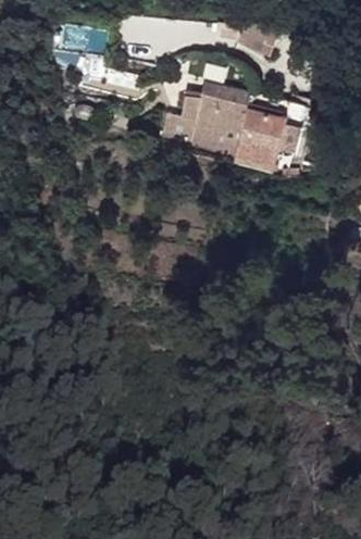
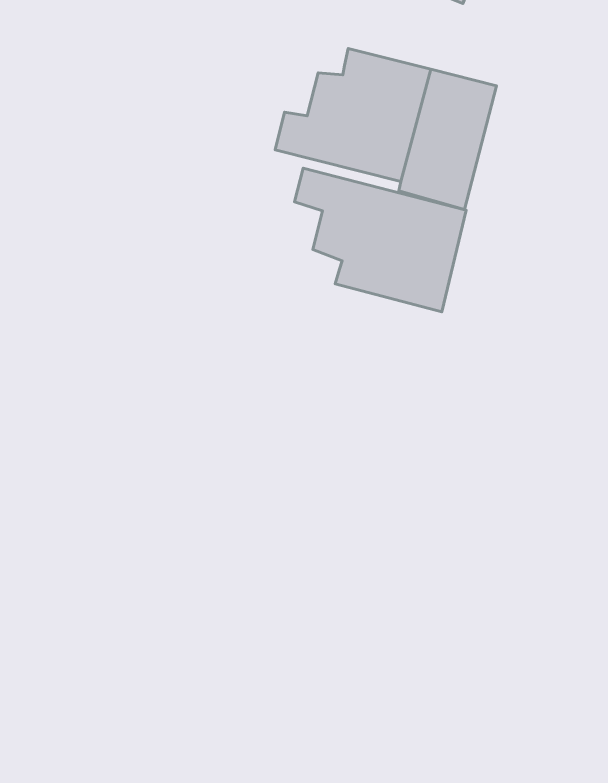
building: none -> [294,168,466,312]

